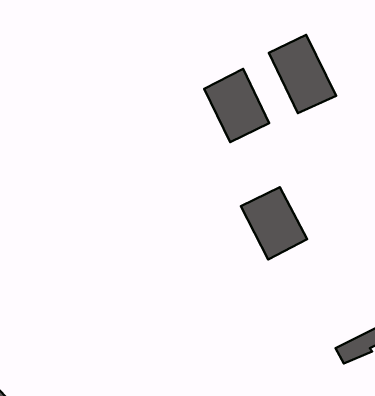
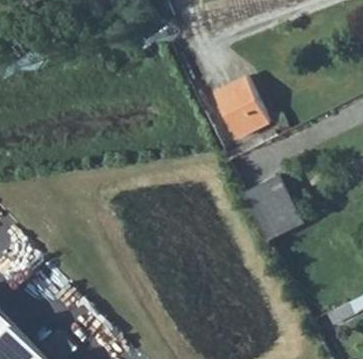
building: [269,35,336,113] -> none

